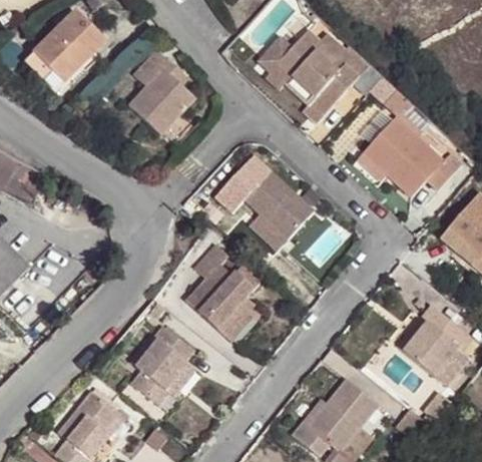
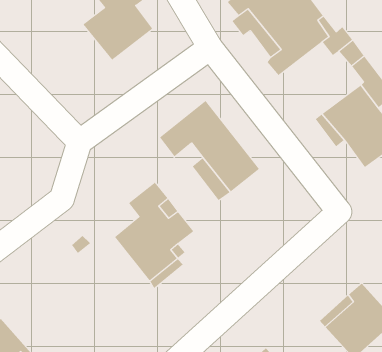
building: [130,324,192,404] -> none

